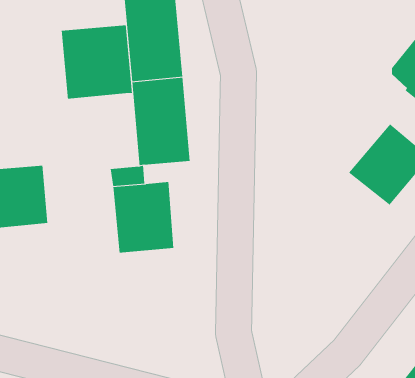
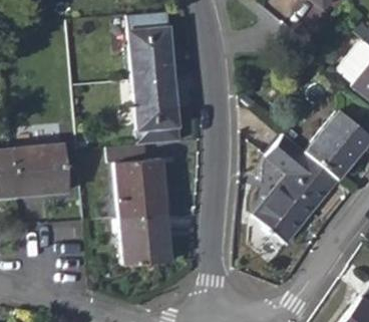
building: [61,25,132,100] -> none
building: none -> [254,133,339,244]
building: none -> [123,211,171,265]

